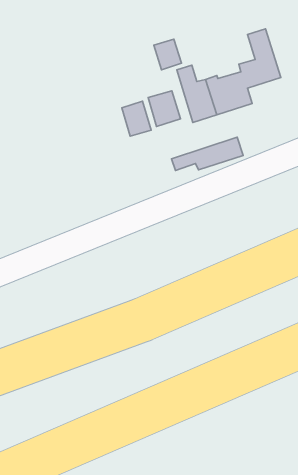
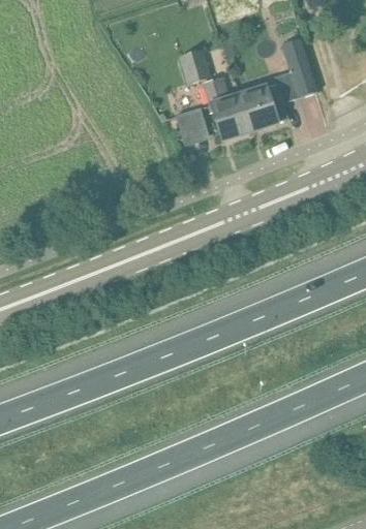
building: [122,101,151,136] -> none
building: [172,137,243,170] -> none

